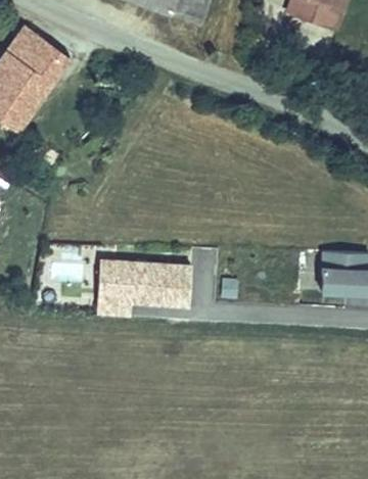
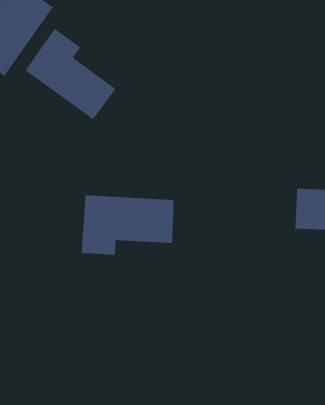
building: none -> [25,28,116,120]

